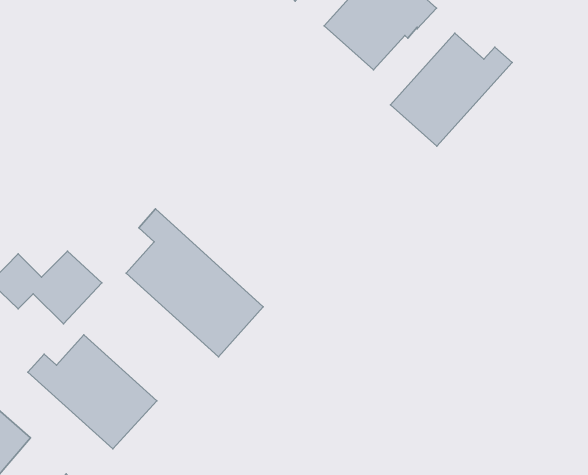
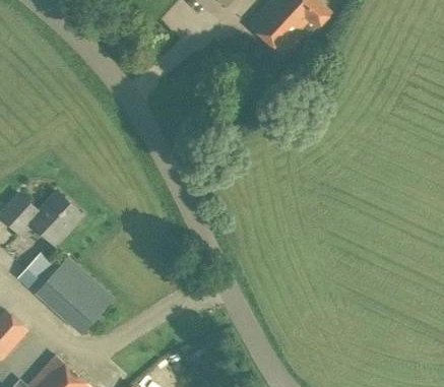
building: [391,33,512,146] -> none
building: [126,209,263,357] -> none

